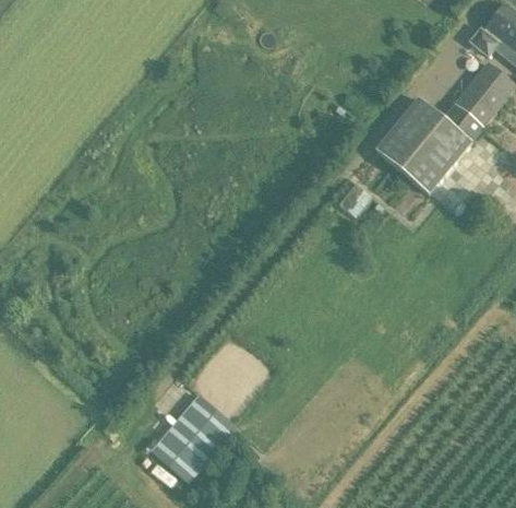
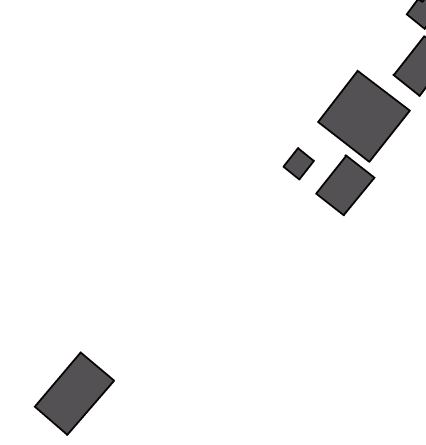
building: none -> [316,155,375,215]
building: [152,393,235,480] -> [35,352,114,435]

